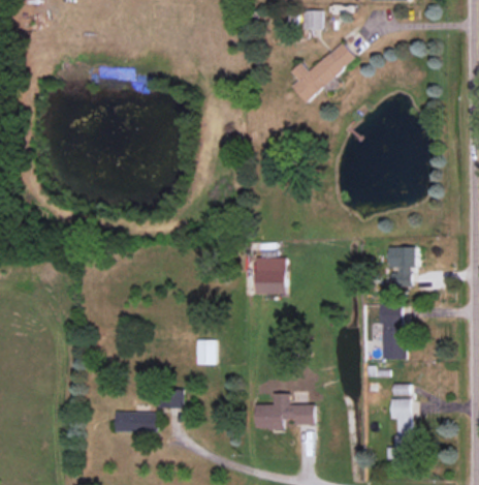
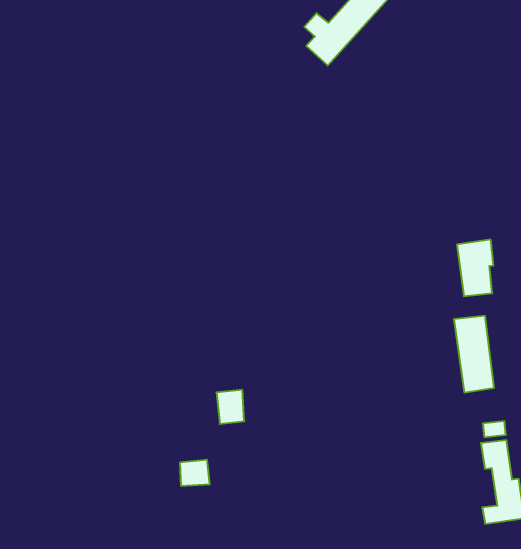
building: [255,256,287,294] -> none
building: [255,393,315,428] -> none
building: [115,411,155,432] -> none

